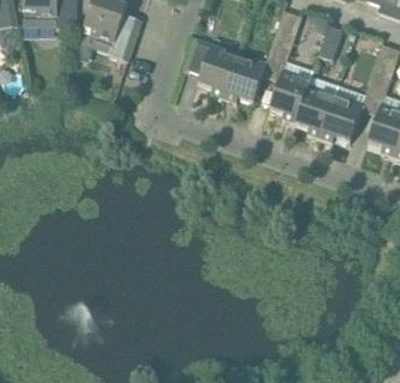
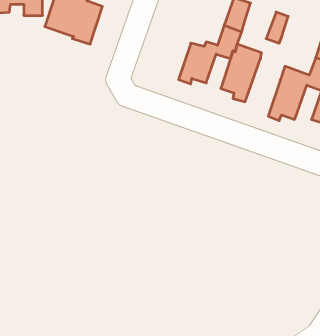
building: [183,37,236,98] -> none
building: [295,75,338,138] -> none

